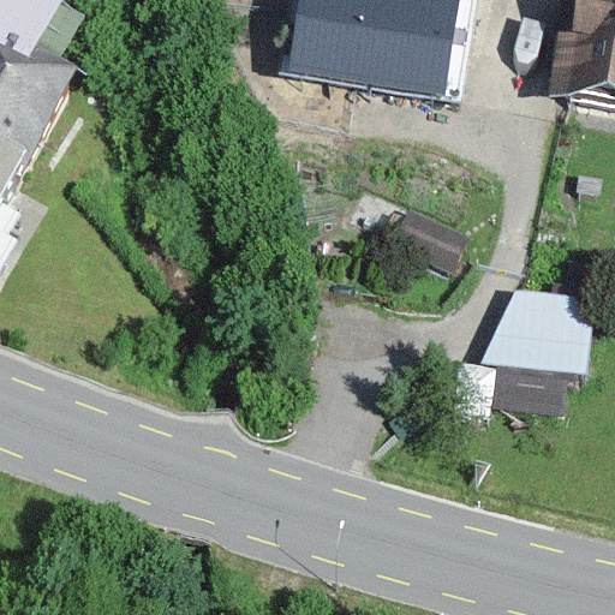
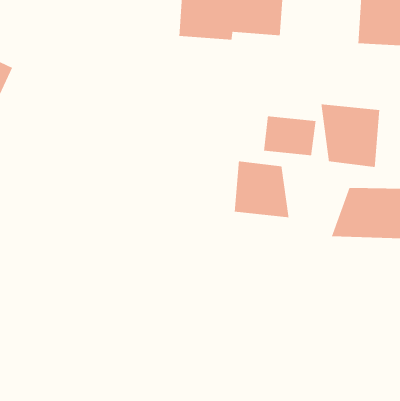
building: none -> [321,103,380,168]
building: none -> [234,160,290,218]

